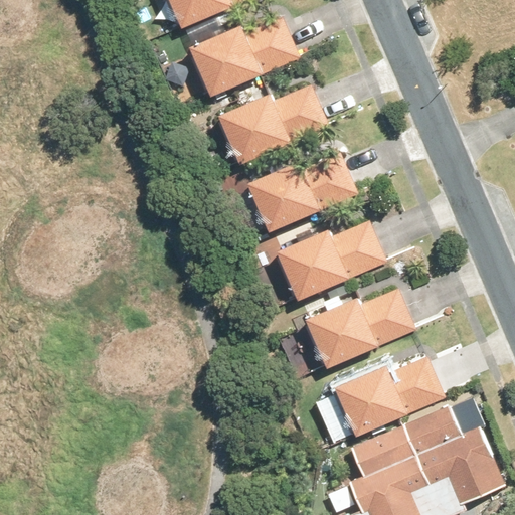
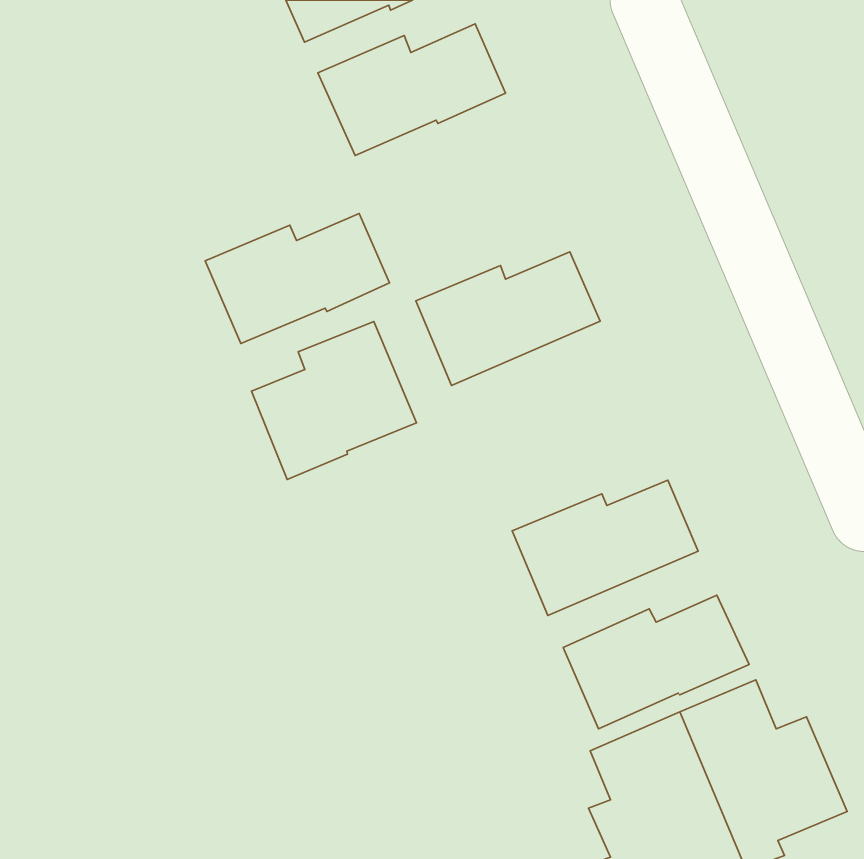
building: [218,87,328,164] -> [205,213,390,344]
building: none -> [252,321,416,479]
building: [276,221,386,300] -> none

